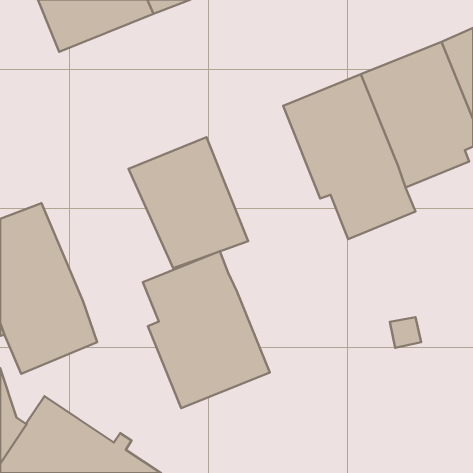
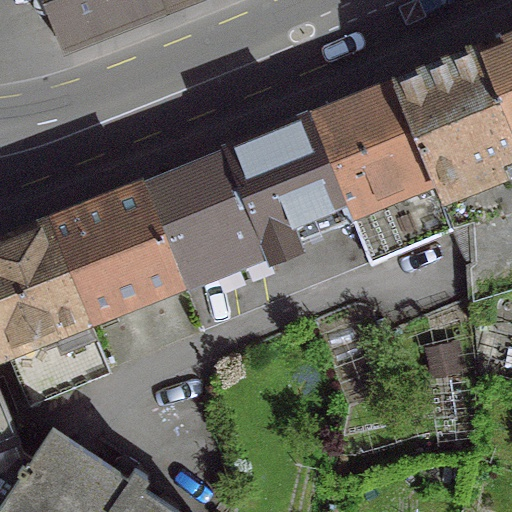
building: none -> [223,114,347,260]
building: none -> [45,182,187,325]
building: [143,251,270,408] -> none

